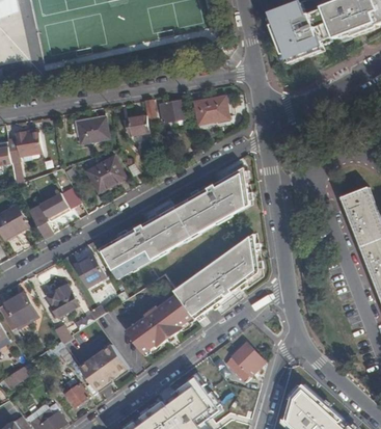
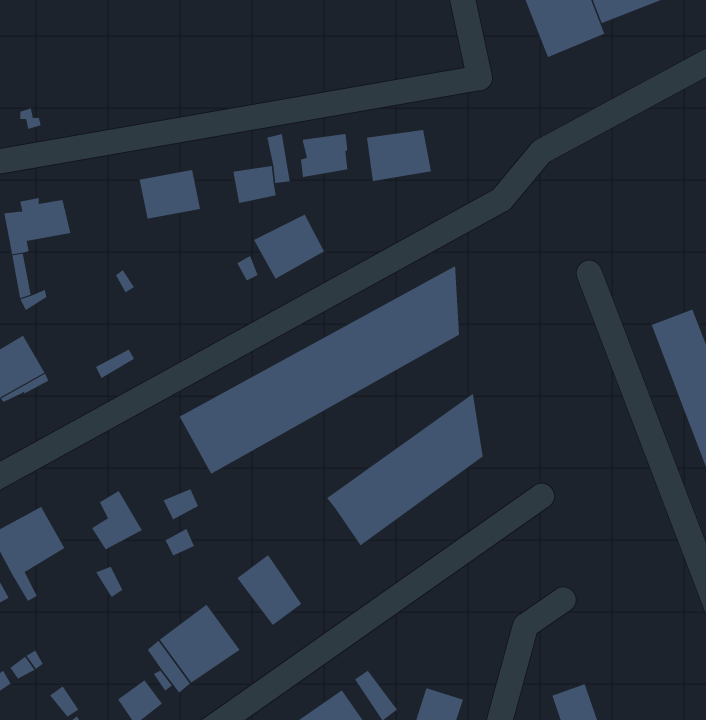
building: [87,158,125,192] -> [253,214,325,280]
building: [31,188,80,239] -> none
building: [74,256,106,289] -> none
building: [143,295,195,345] -> none
building: [224,344,264,382] -> none

